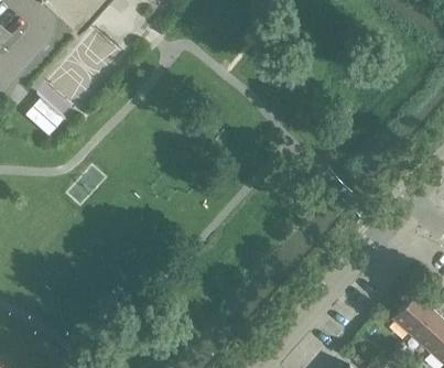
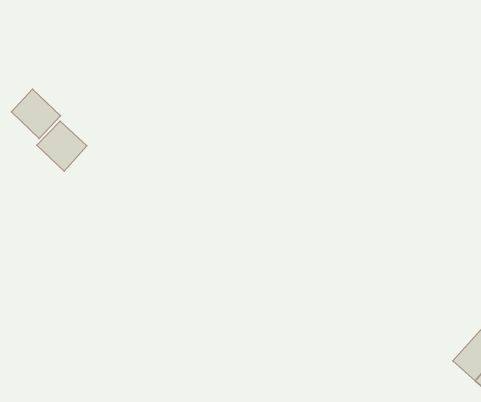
building: none -> [37,121,87,171]

